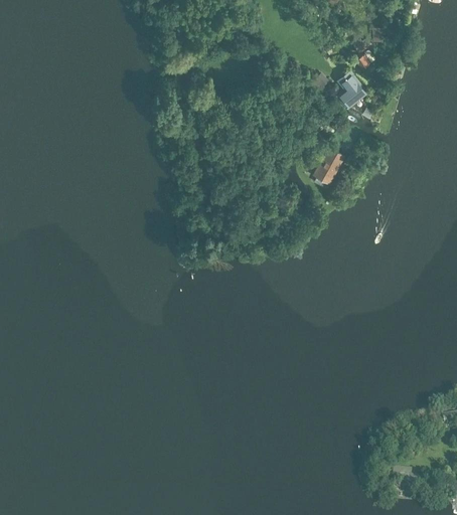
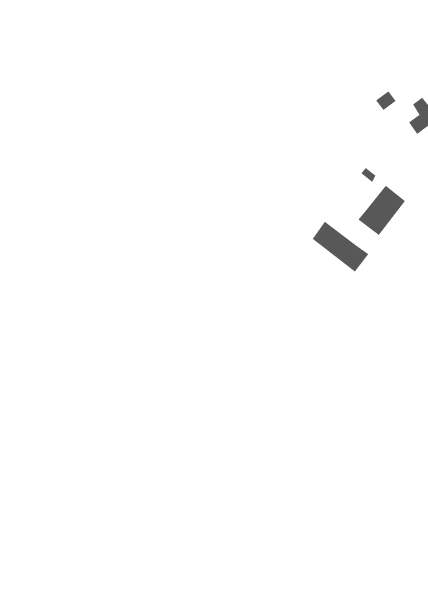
building: none -> [312,221,369,272]

